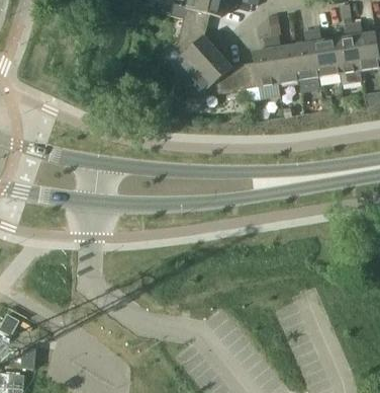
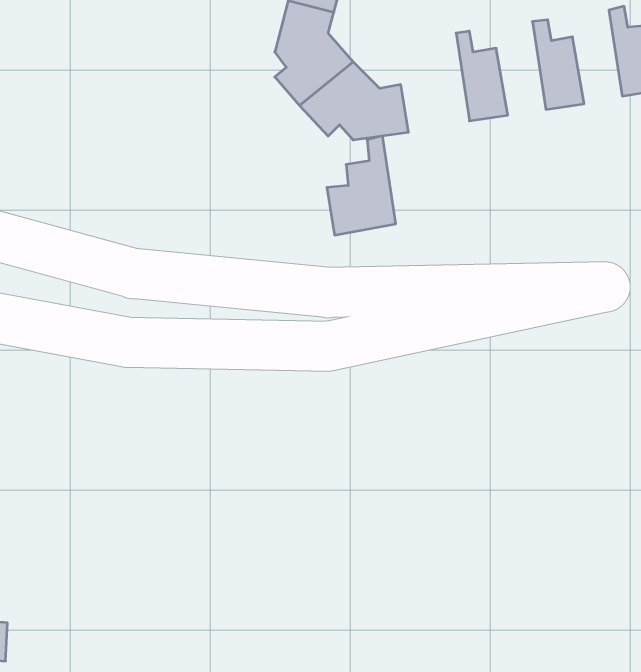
building: [334,24,360,74] -> none
building: [293,30,319,80] -> none
building: [243,36,279,89] -> [327,136,396,235]

